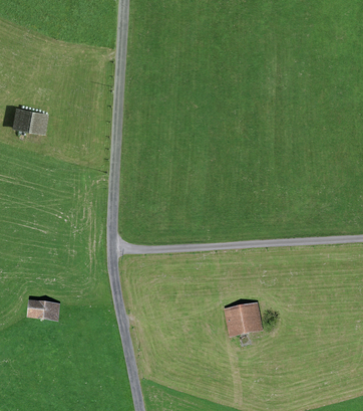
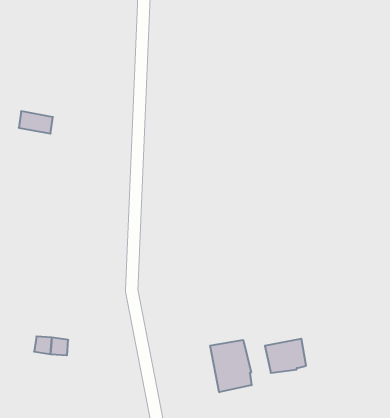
building: none -> [210,340,252,392]

